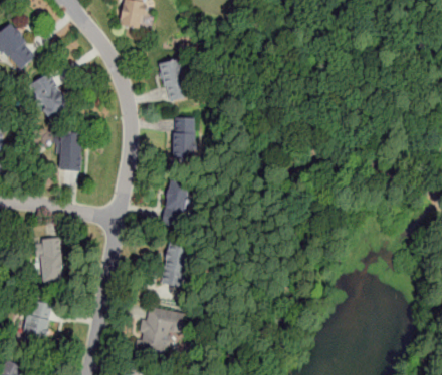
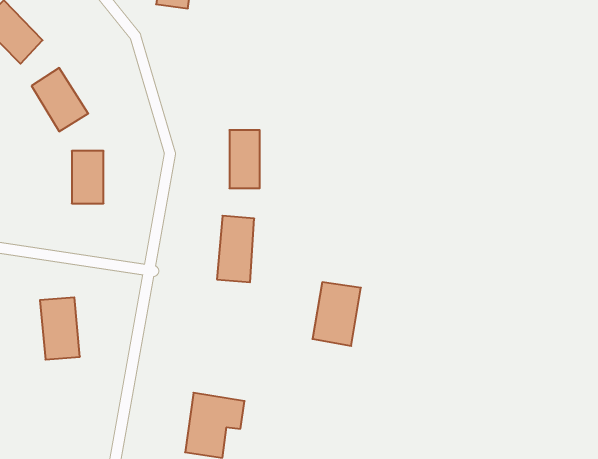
building: [159,59,188,102] -> none
building: [159,243,194,289] -> [312,282,361,346]
building: [23,300,52,344] -> none

